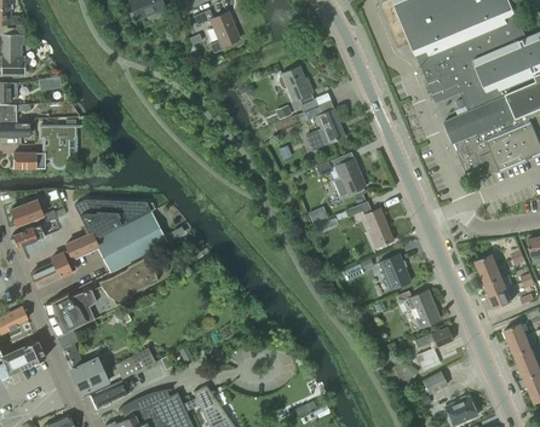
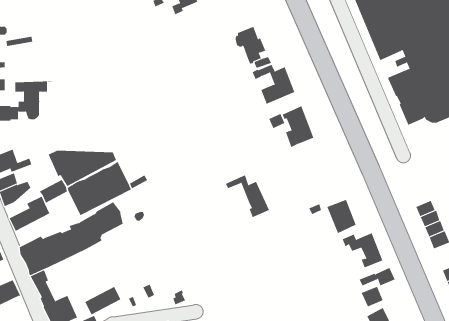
building: [345,201,393,248] -> [225,174,270,218]

